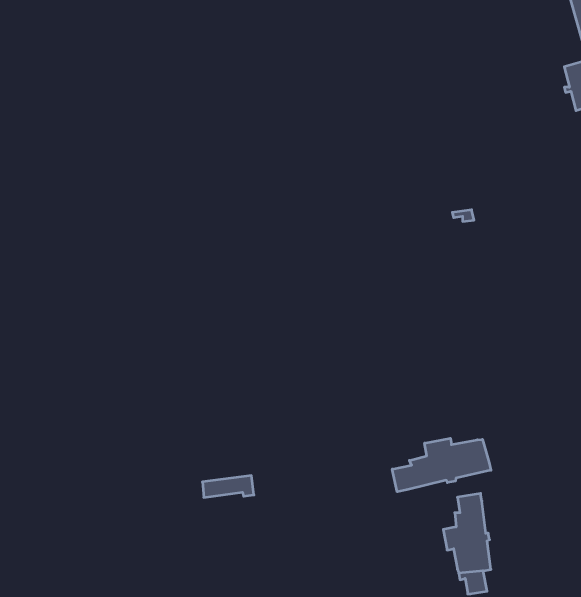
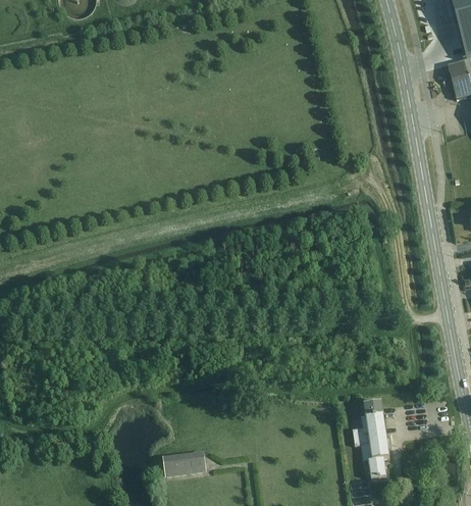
building: [392,438,491,492] -> none
building: [202,476,254,497] -> [165,452,206,469]

